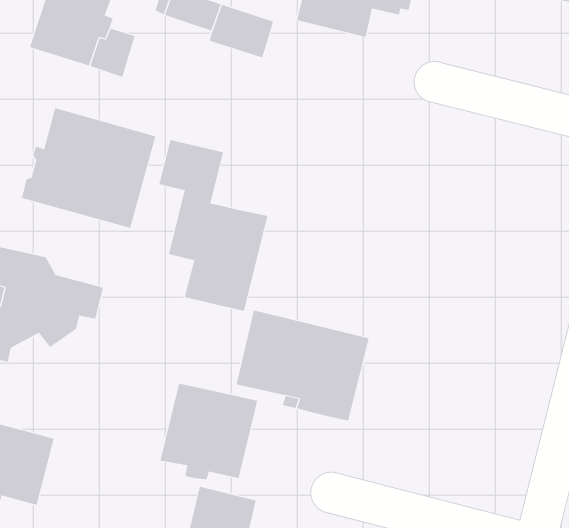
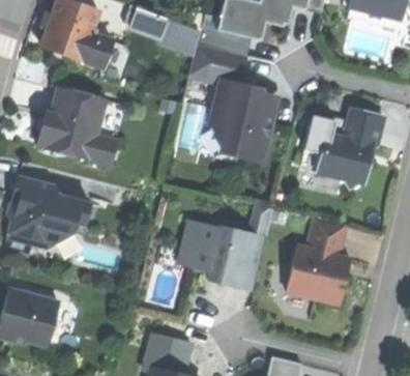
building: none -> [315,107,383,187]
building: [159,139,268,311] -> [204,48,275,160]
building: none -> [285,219,350,305]
building: [160,383,258,480] -> none

